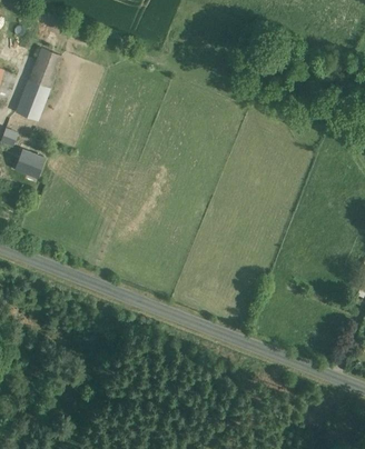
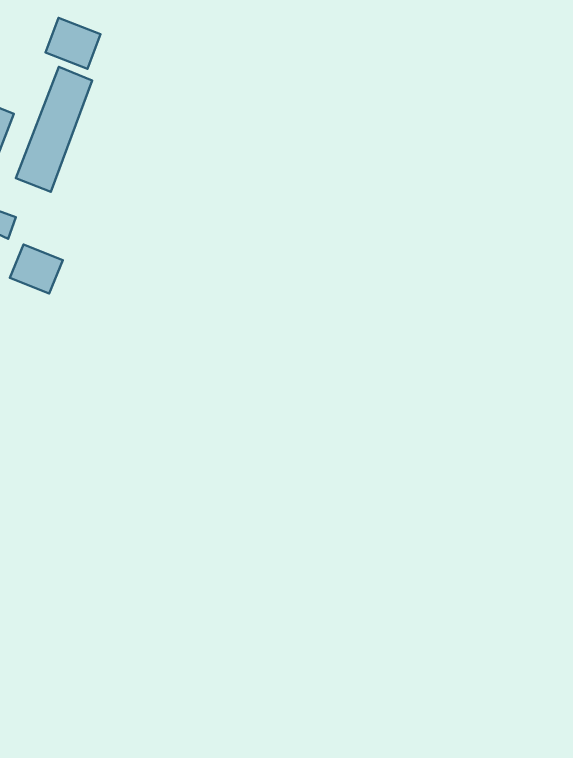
building: none -> [46,18,101,69]

